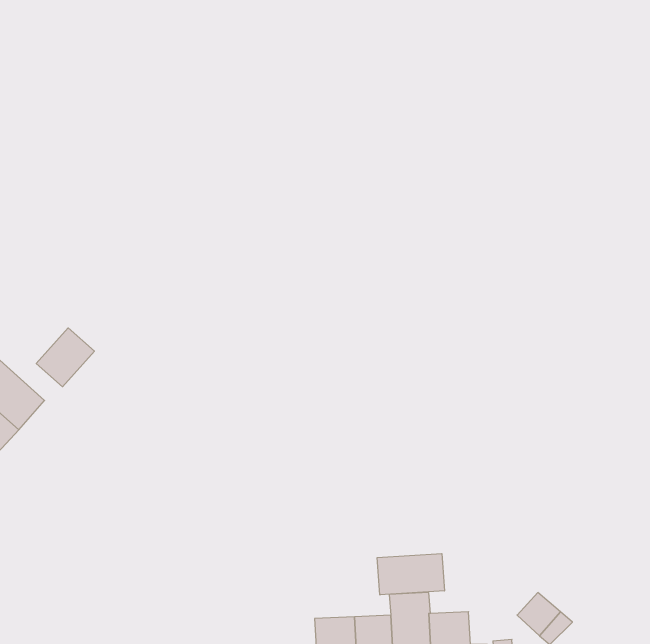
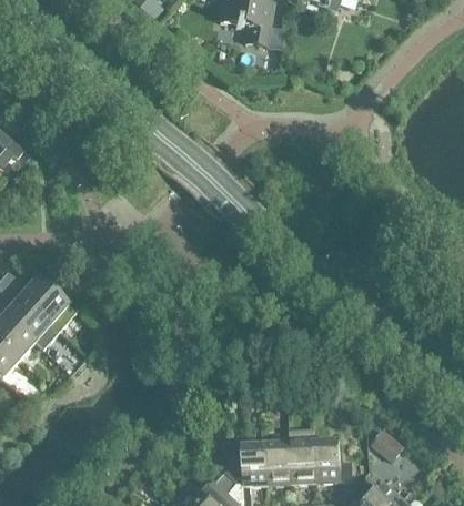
building: [36,328,94,387] -> none
building: [377,554,444,595] -> none

